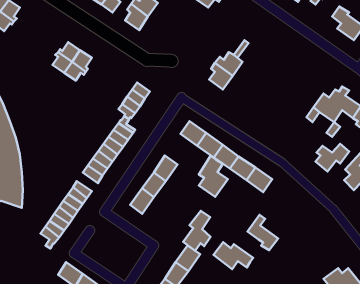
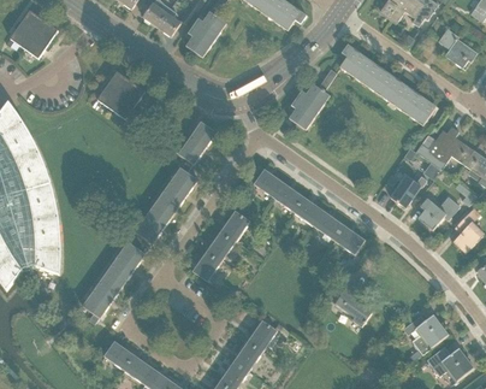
building: none -> [339,43,434,124]
building: none -> [390,175,426,207]
building: [199,156,228,197] -> none
building: [183,211,211,251] -> none
building: none -> [402,313,448,353]
building: [214,242,253,269] -> none

